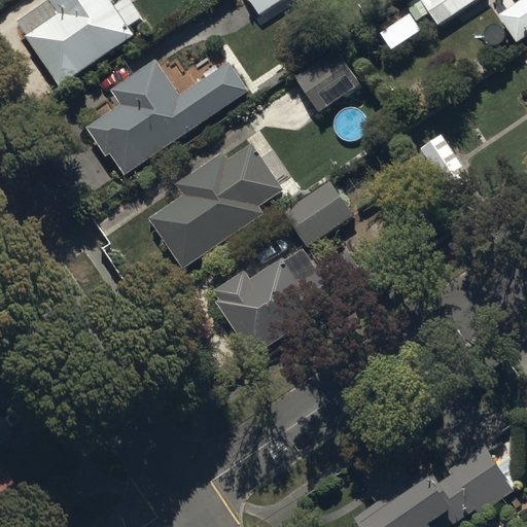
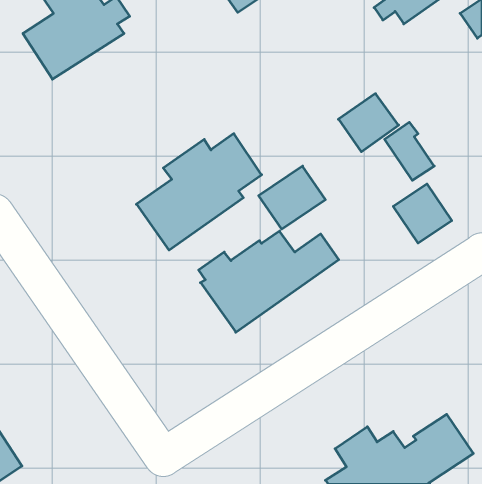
building: [291,48,356,111] -> [338,94,399,152]
building: [84,59,248,174] -> none
building: none -> [393,184,452,243]

